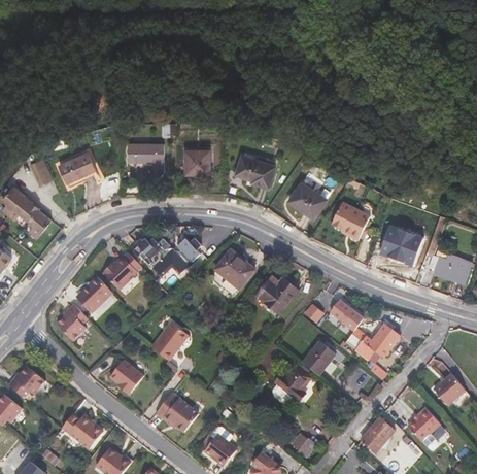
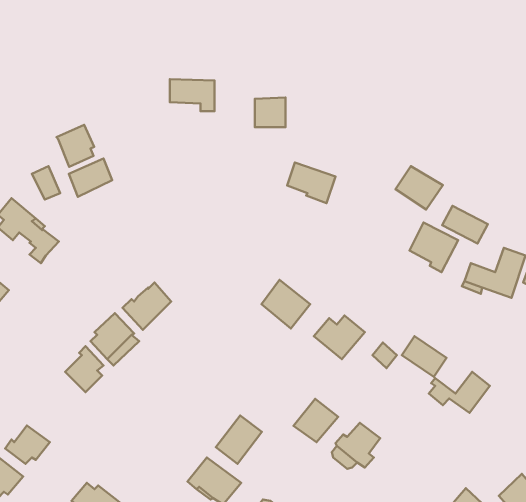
building: none -> [56,125,94,167]
building: [127,143,163,169] -> [170,79,215,111]
building: [184,149,209,173] -> [255,98,285,127]
building: [287,182,326,217] -> [395,166,443,210]
building: none -> [442,206,488,244]
building: [133,237,201,276] -> none
building: [150,321,188,361] -> [216,415,262,464]
building: [300,340,336,375] -> [294,399,338,442]
building: [110,361,144,396] -> none

